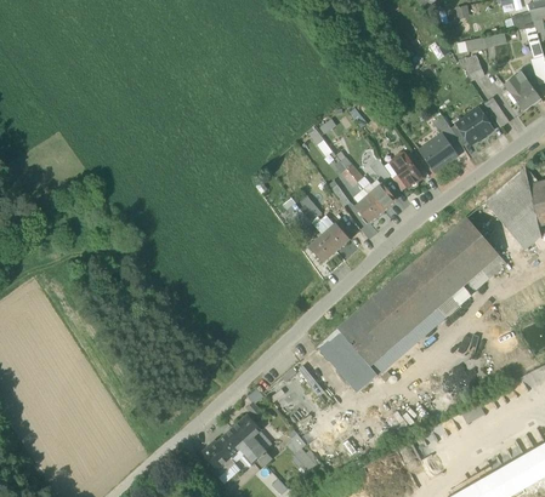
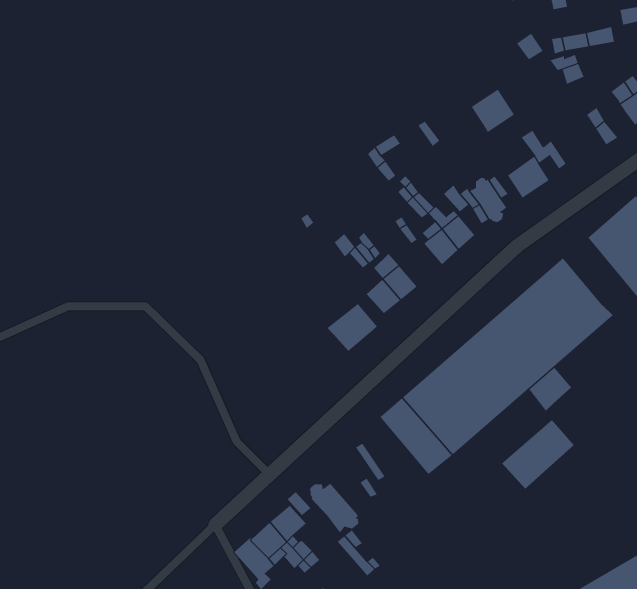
building: [456,109,492,144] -> [471,89,515,133]
building: none -> [327,303,378,352]
building: none -> [528,367,572,411]
building: none -> [501,419,574,489]
building: none -> [310,483,359,533]

